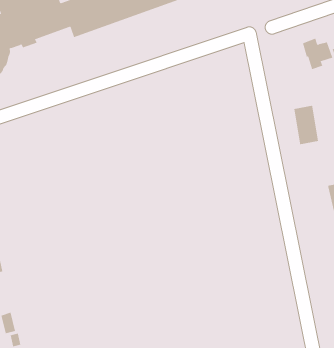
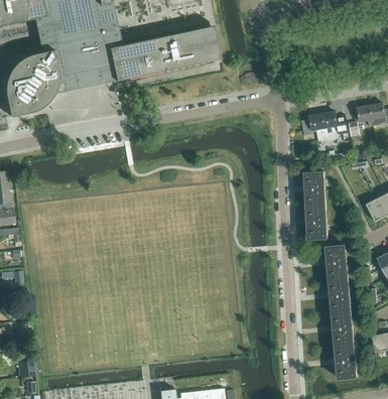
building: none -> [301,114,327,141]
building: none -> [306,205,327,239]

